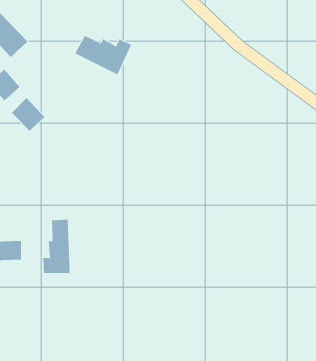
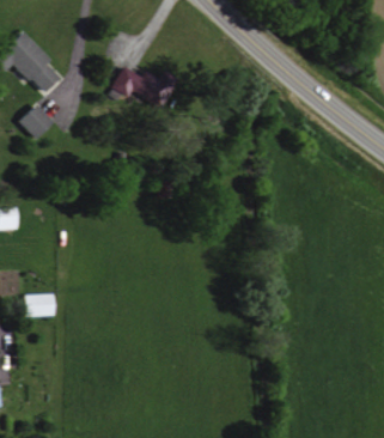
building: [11,97,45,132] -> none
building: [43,219,70,274] -> none

